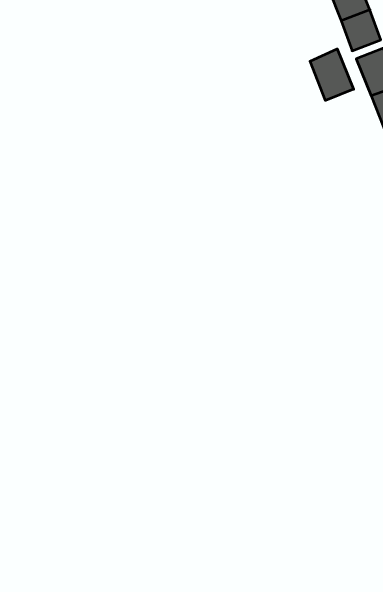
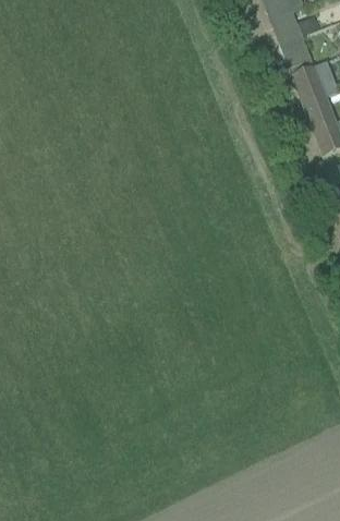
building: [310,49,354,100] -> none

